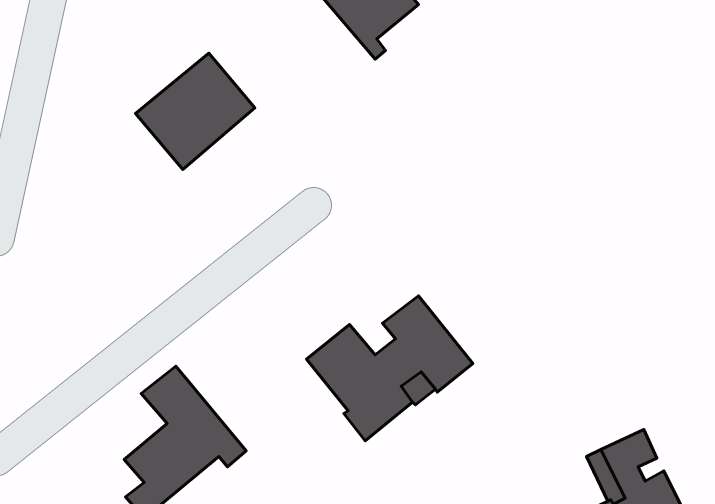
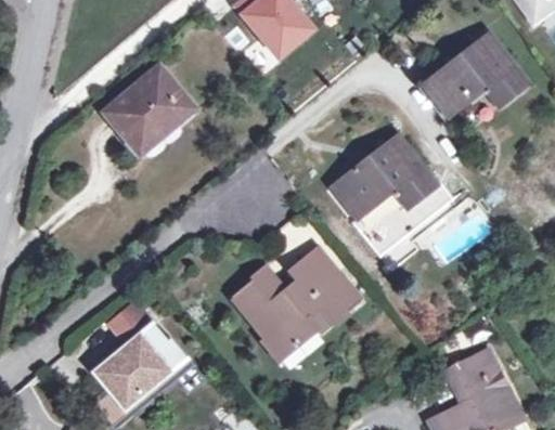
building: none -> [422,31,527,117]
building: none -> [331,134,435,218]

